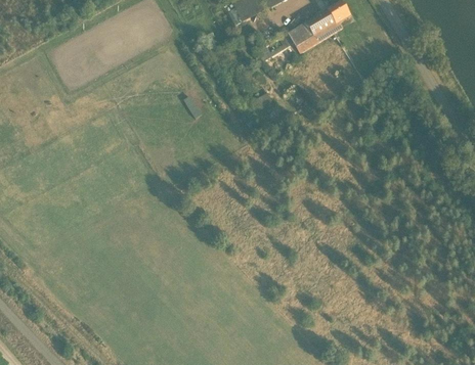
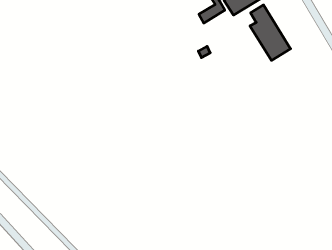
building: none -> [250,5,291,60]

